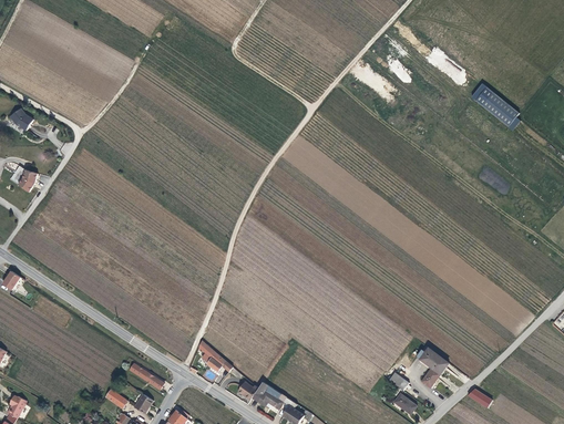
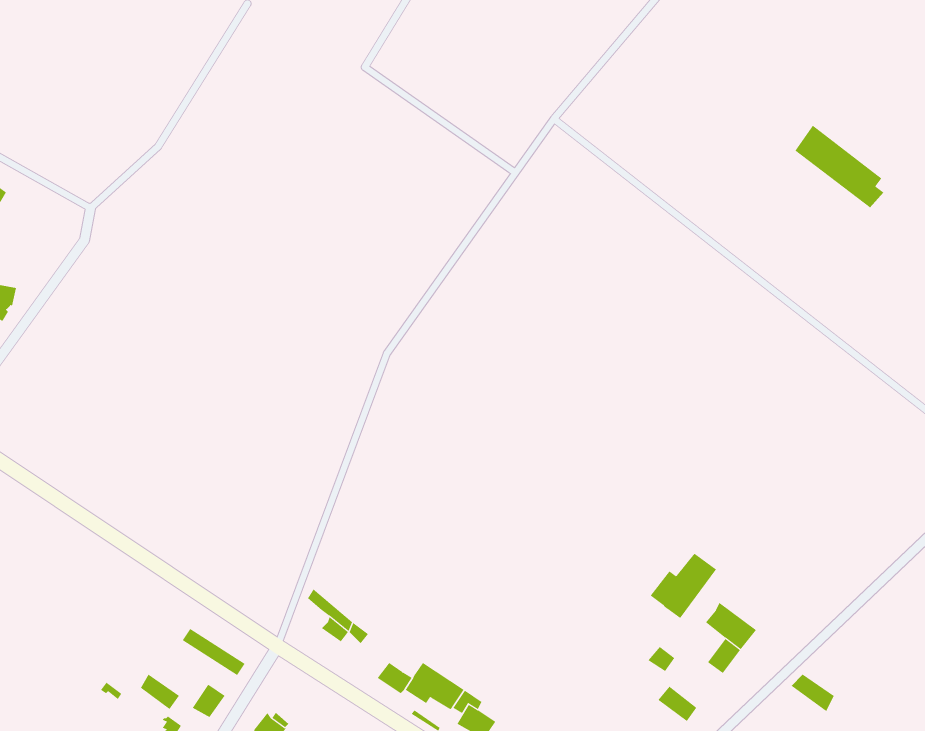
building: none -> [650,553,717,619]

